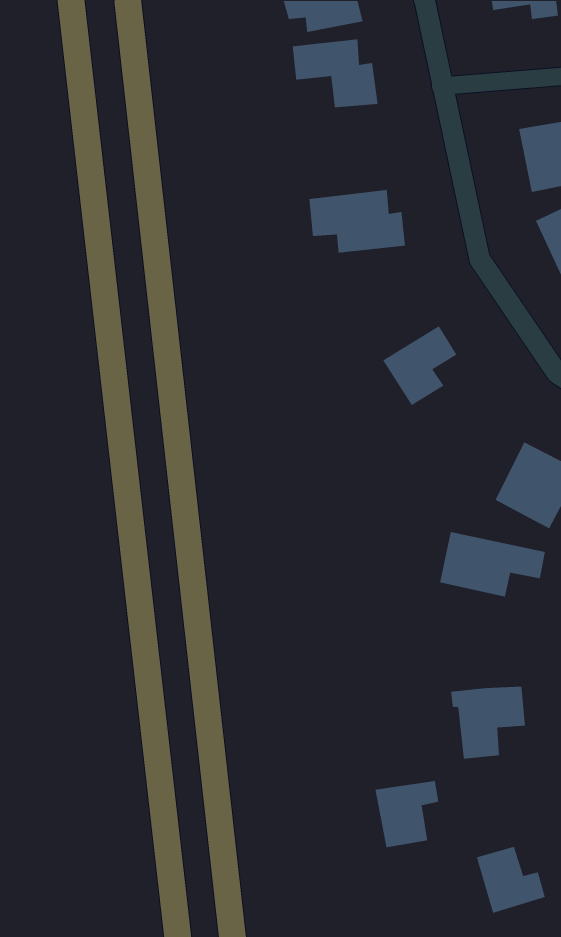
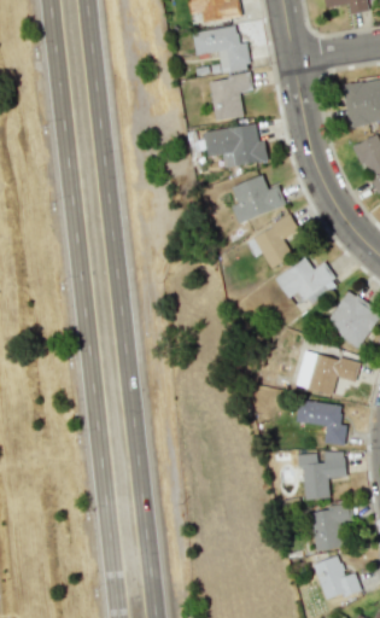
building: none -> [209,74,251,122]
building: none -> [230,175,286,223]
building: none -> [275,258,338,305]
building: none -> [296,400,346,445]
building: [375,780,439,848] -> [309,507,351,552]

